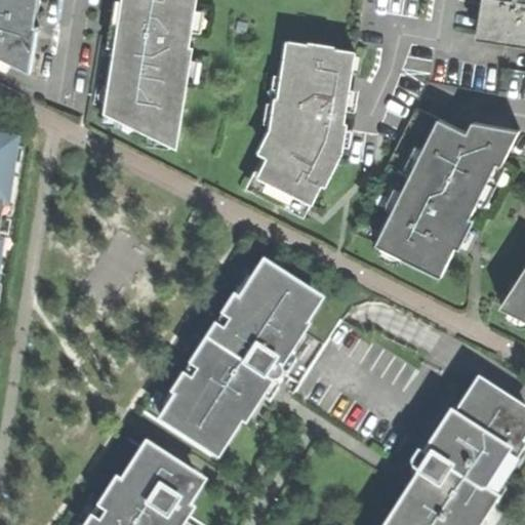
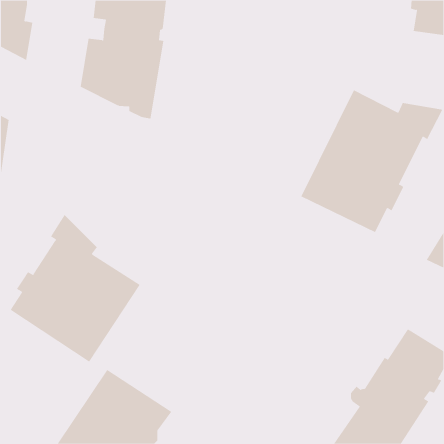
building: [252,42,357,210] -> none
building: none -> [10,214,140,363]
building: [143,254,327,457] -> none

